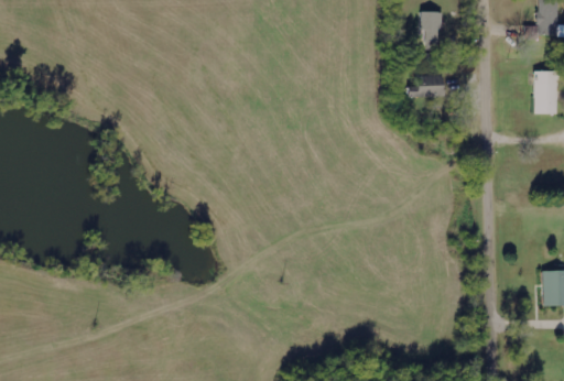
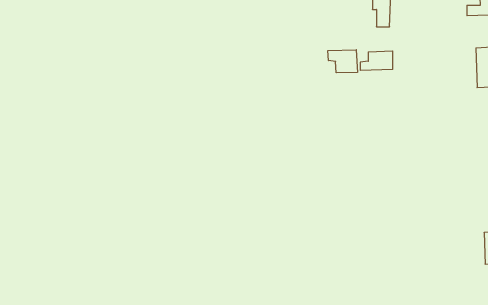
building: none -> [328,50,357,73]

